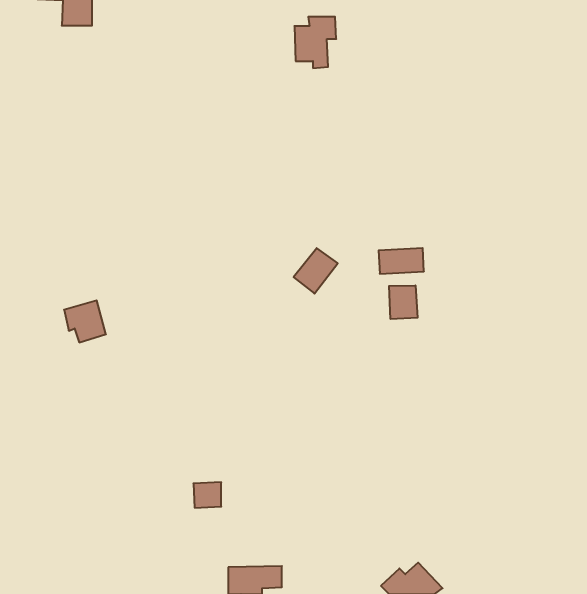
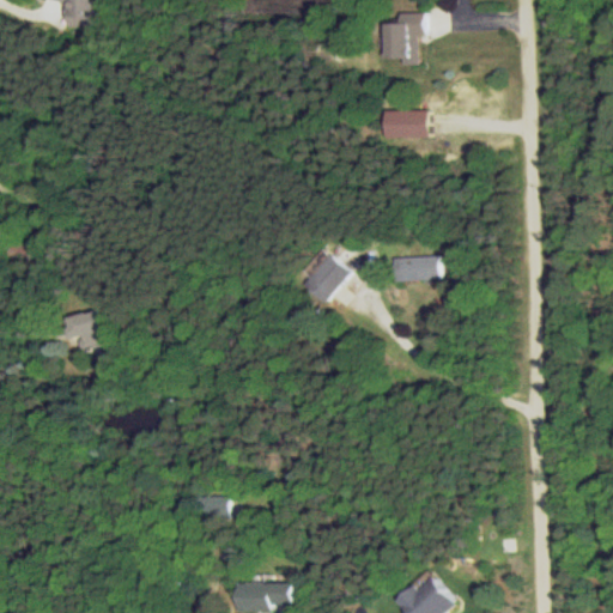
building: [294,17,336,68] -> [381,12,424,65]
building: none -> [382,110,424,136]
building: [389,285,418,319] -> none

